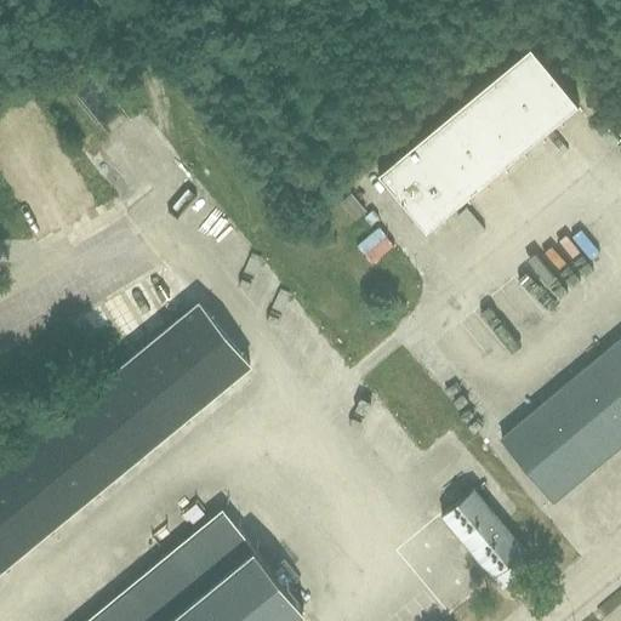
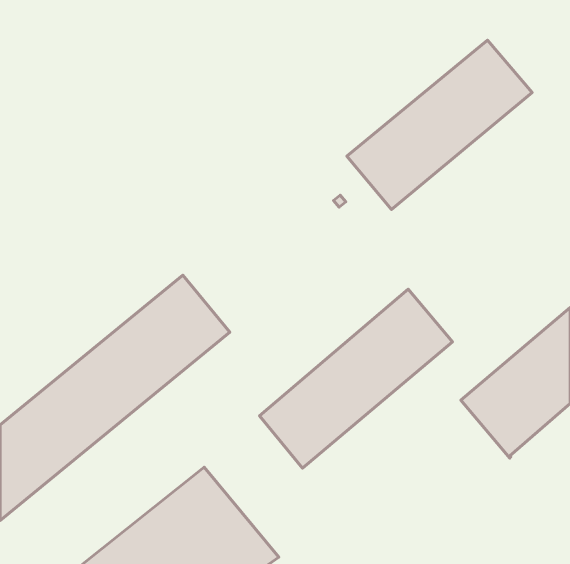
building: none -> [259,289,452,468]
building: [440,491,525,581] -> none

